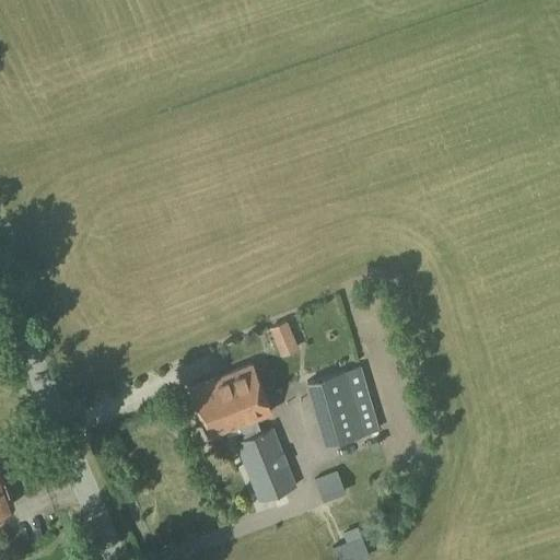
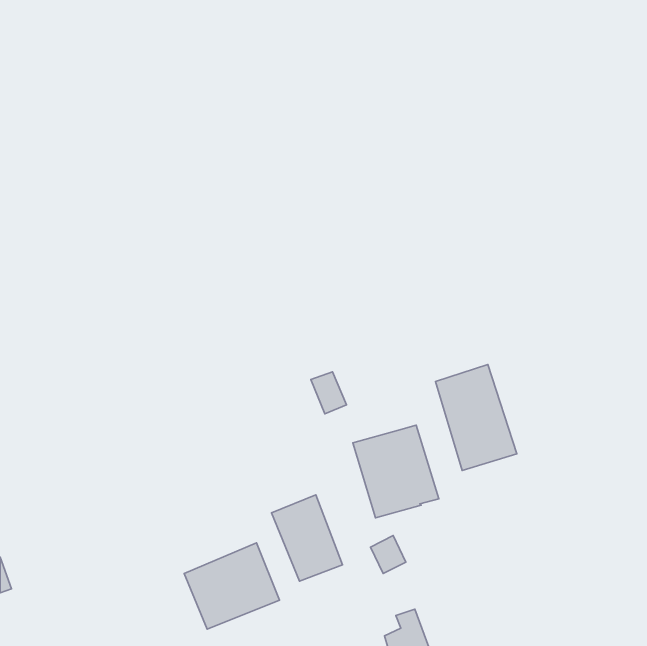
building: none -> [435,365,517,471]
building: [190,365,272,440] -> [184,543,279,629]

